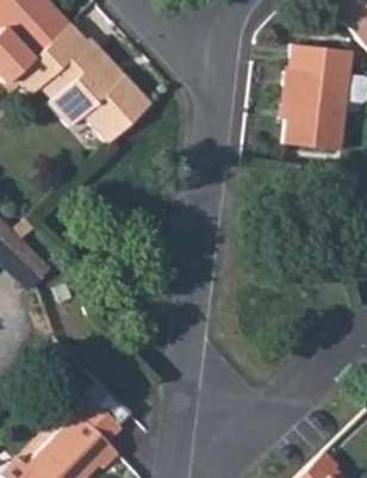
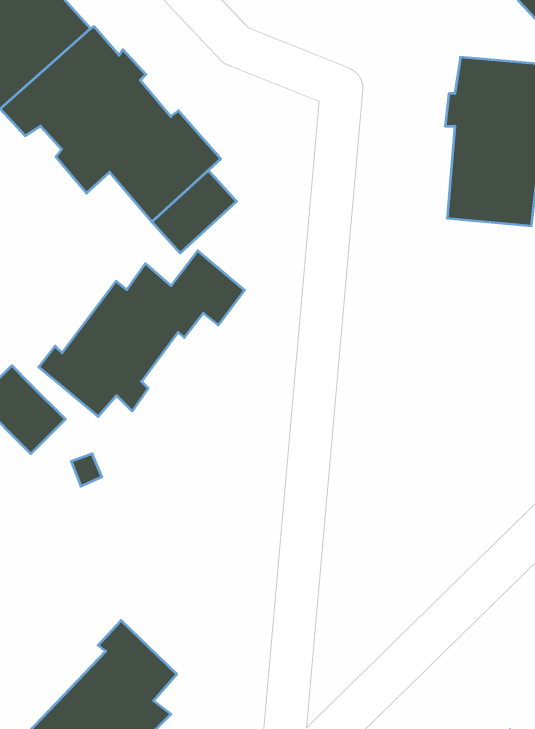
building: none -> [152,170,237,253]
building: none -> [39,251,245,417]

